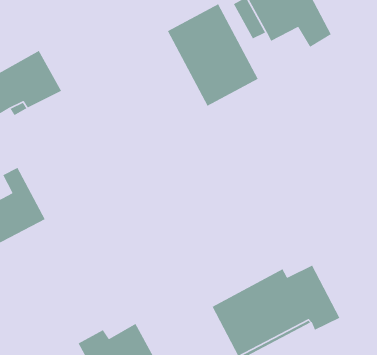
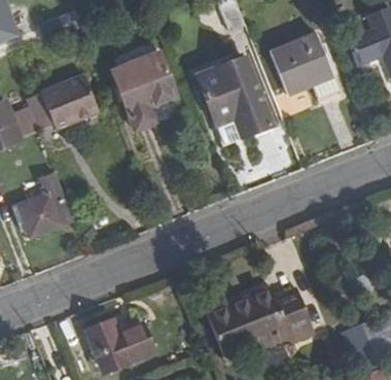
building: none -> [113,51,178,128]

